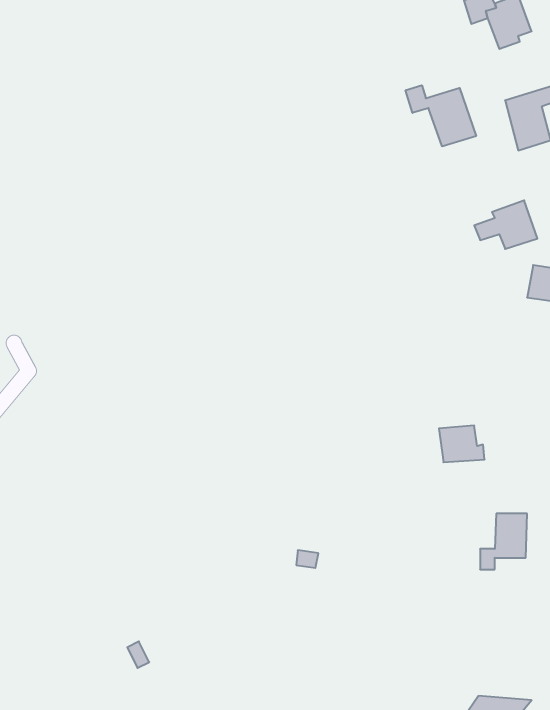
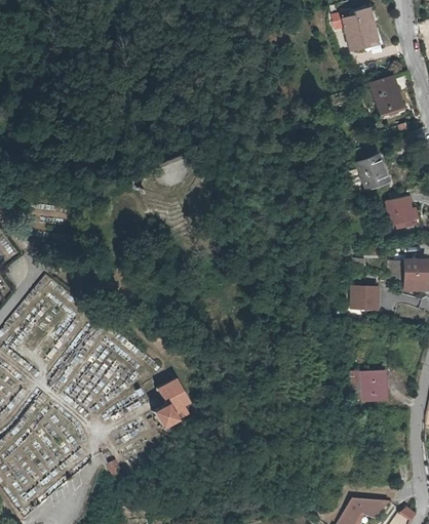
building: [406,85,476,146] -> none
building: [439,426,485,462] -> [358,284,390,310]
building: none -> [153,379,188,432]

